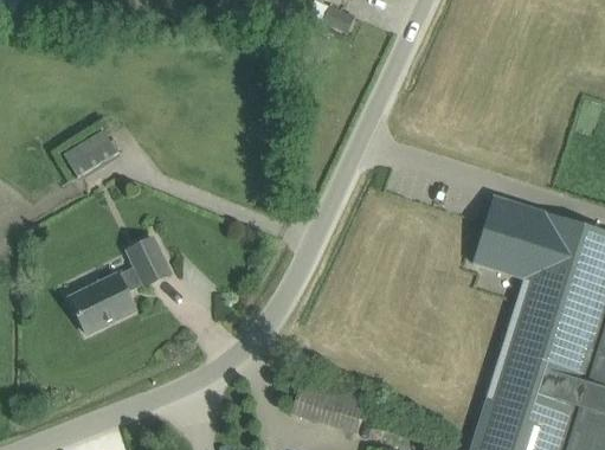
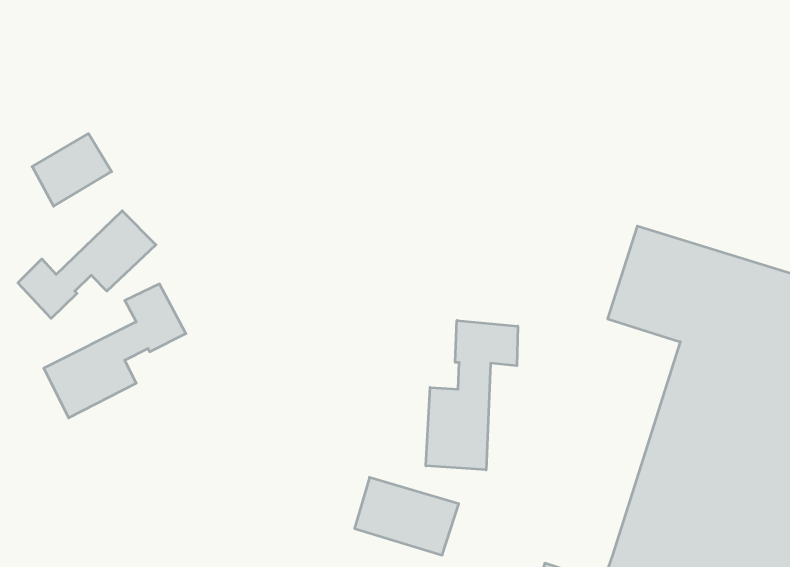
building: none -> [18,211,156,318]
building: none -> [426,320,518,470]

